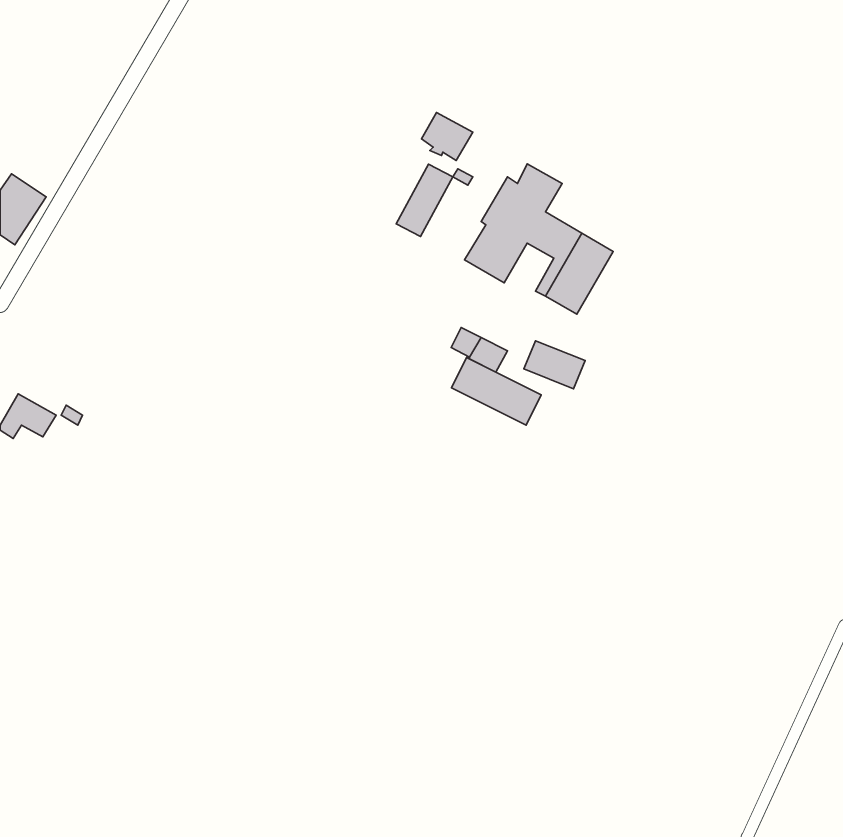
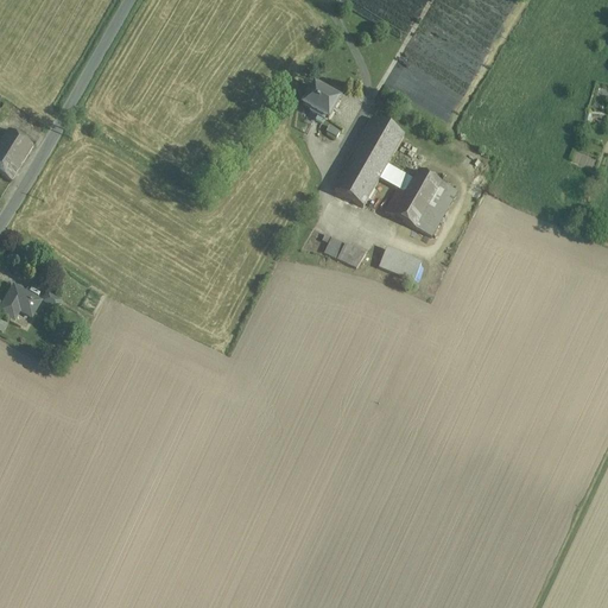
building: [396,164,453,237] -> none
building: none -> [416,180,458,235]
building: [451,358,541,425] -> none

